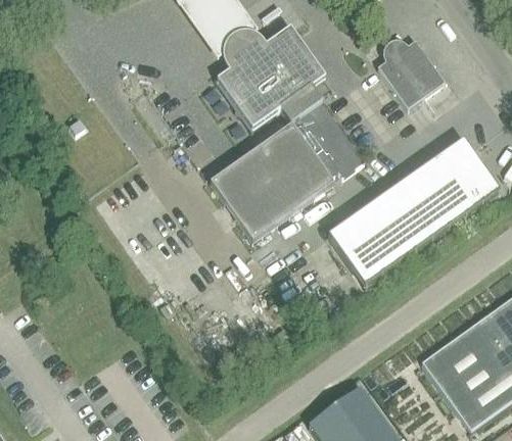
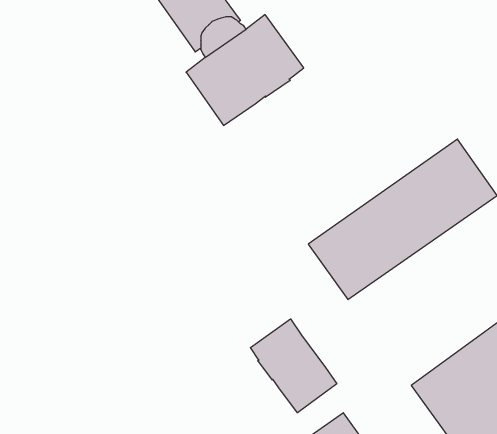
building: [378,35,446,104] -> none
building: [212,85,364,238] -> none
building: none -> [250,319,337,413]

